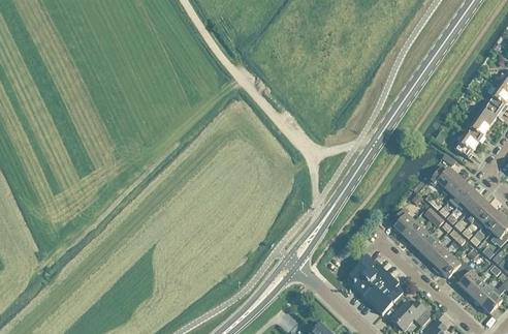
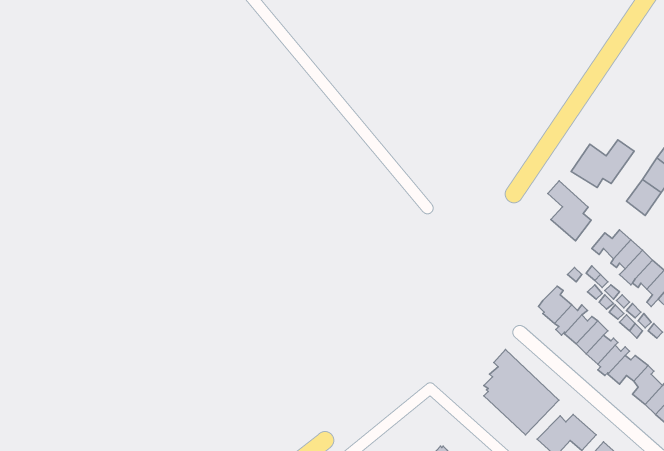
building: none -> [571,140,634,187]
building: none -> [548,181,591,241]

